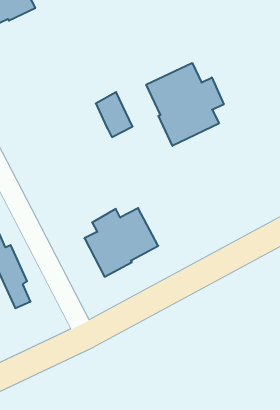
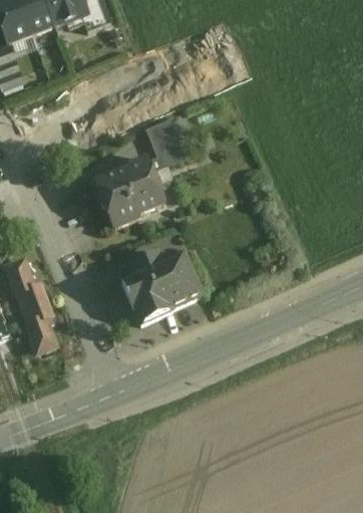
building: [146,63,224,146] -> none
building: none -> [94,156,162,227]

